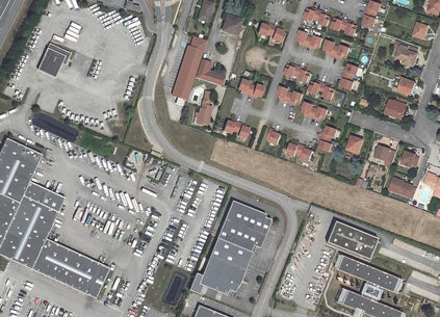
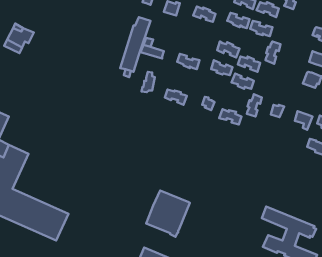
building: [217,201,271,252] -> none
building: [326,220,378,260] -> none
building: [187,273,229,295] -> none

